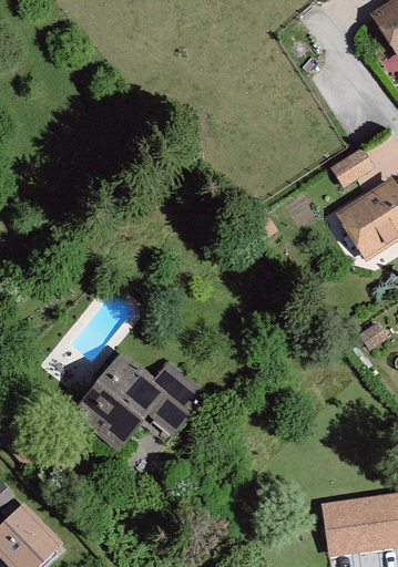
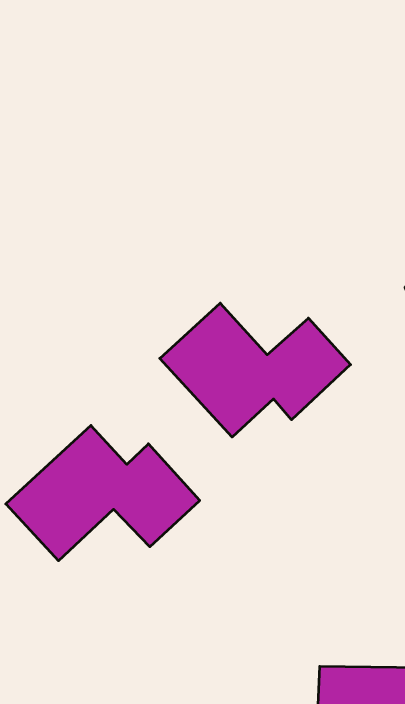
building: none -> [160,303,351,437]

